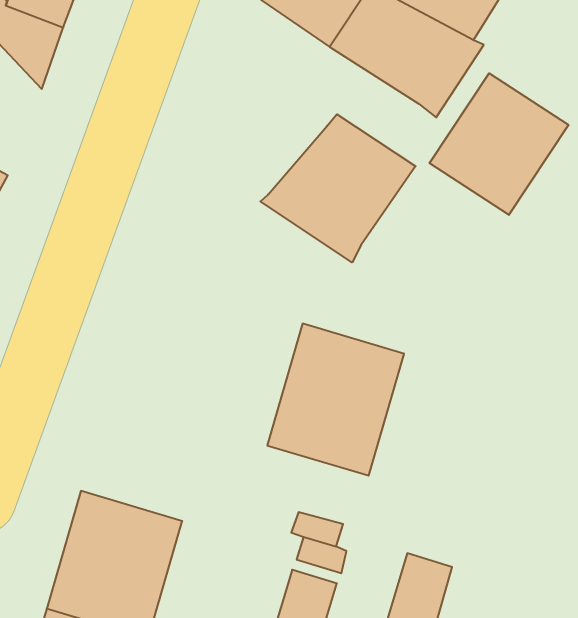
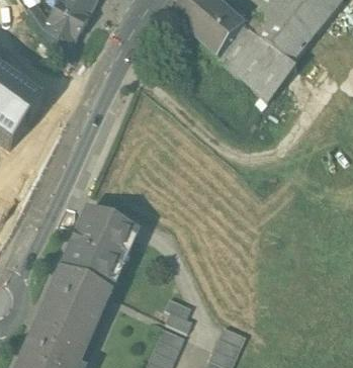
building: [430,73,568,215] -> none
building: [260,114,416,262] -> none
building: [267,324,404,476] -> [60,205,137,288]

